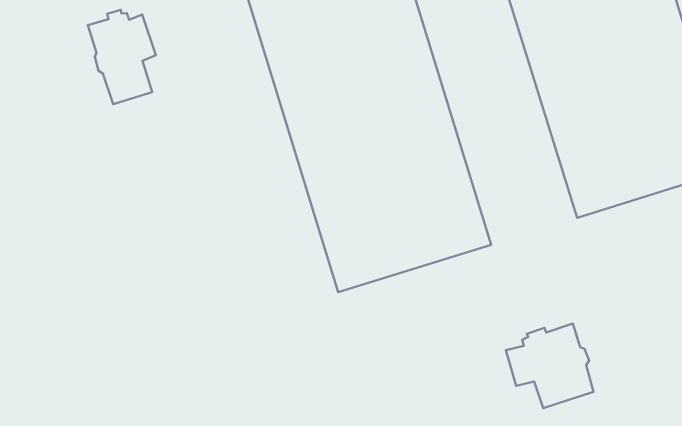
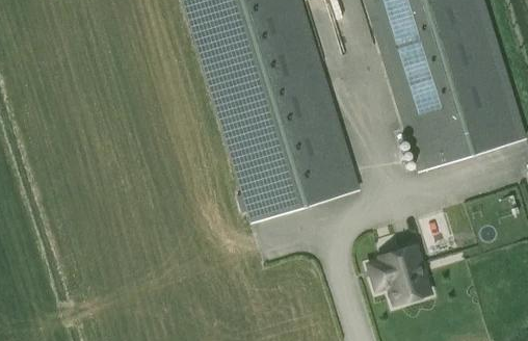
building: [88,10,156,104] -> none

